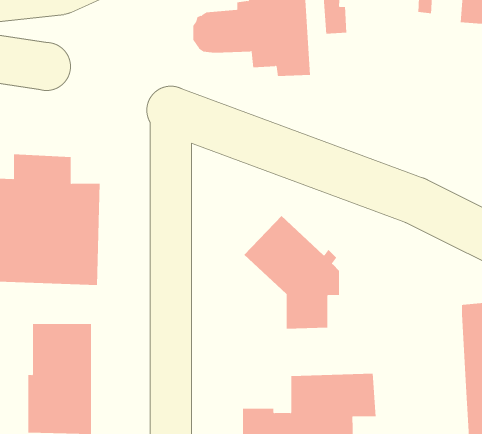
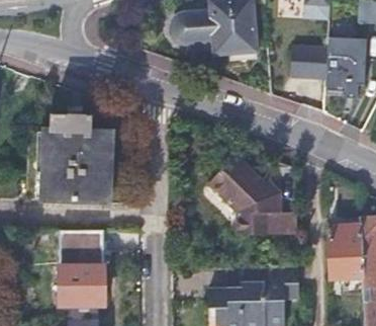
building: none -> [290,43,324,77]
building: none -> [327,48,363,99]
building: none -> [267,184,296,233]
building: none -> [327,224,362,279]

